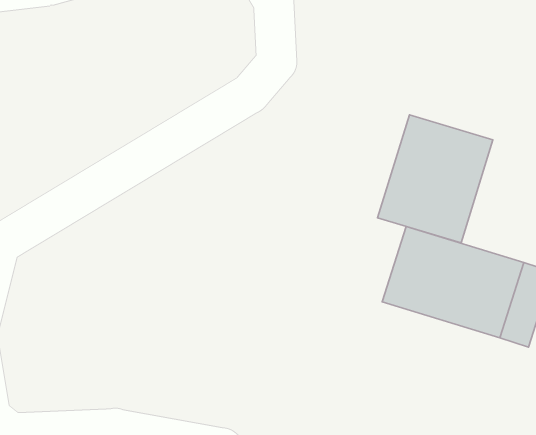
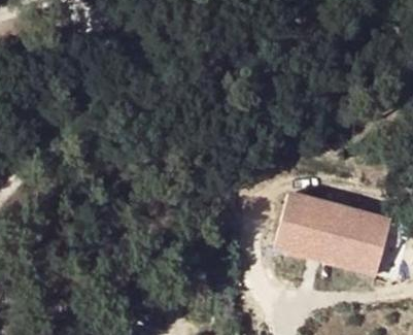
building: [378,115,493,243] -> none

